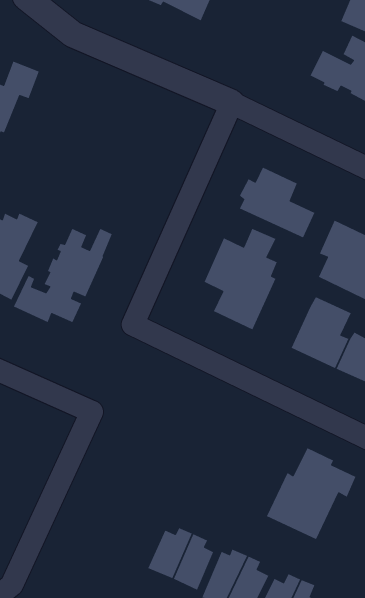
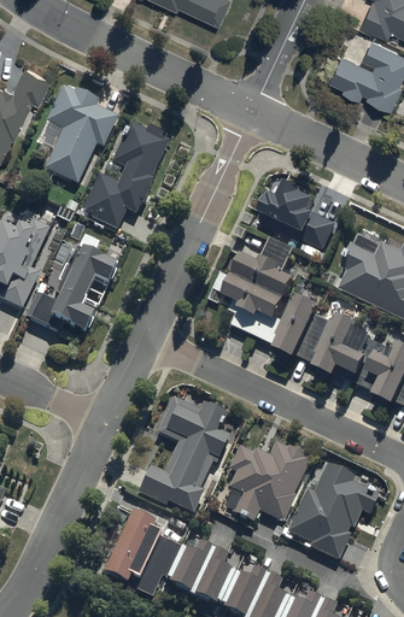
building: none -> [39,87,118,186]
building: none -> [82,124,168,230]
building: none -> [270,288,328,359]
building: none -> [136,396,228,513]
building: none -> [227,439,310,519]
building: none -> [101,509,172,593]

